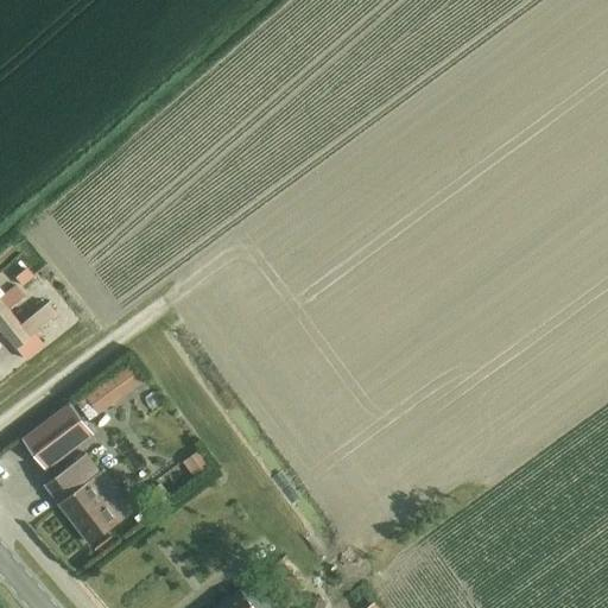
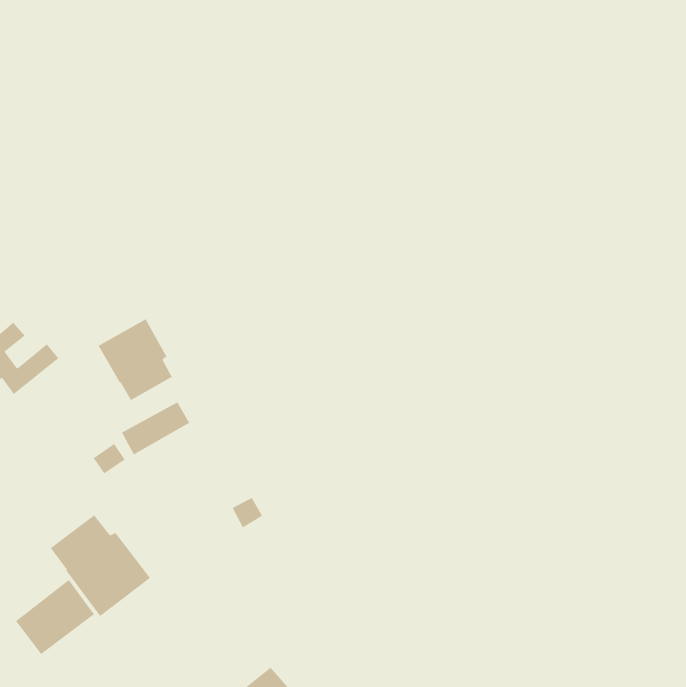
building: none -> [98,318,172,401]
building: [21,404,91,470] -> [15,579,95,655]

